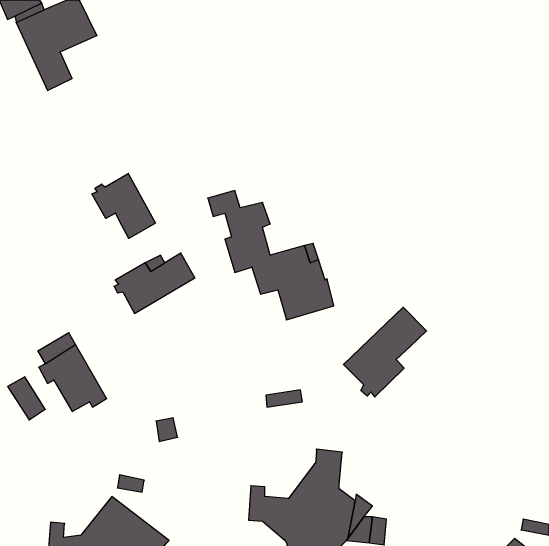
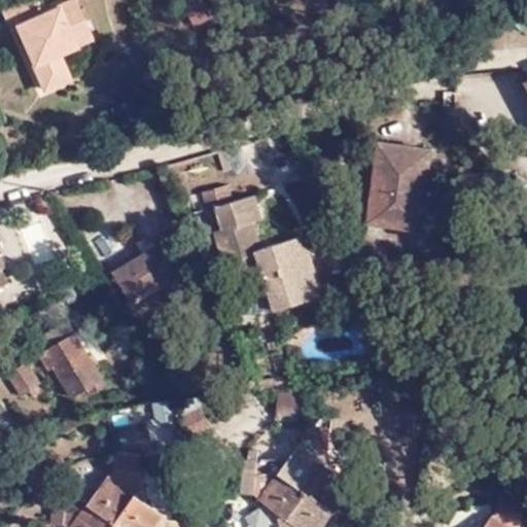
building: none -> [367,144,431,232]
building: [92,173,155,238] -> none
building: [343,307,427,397] -> none

